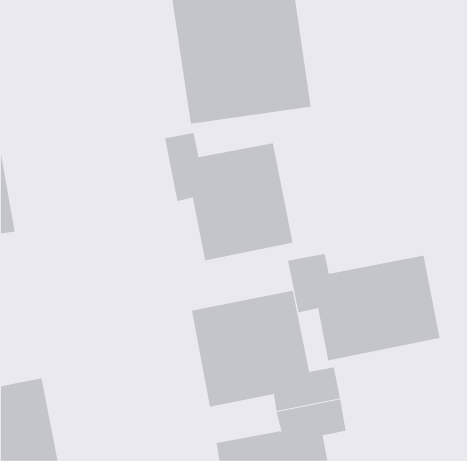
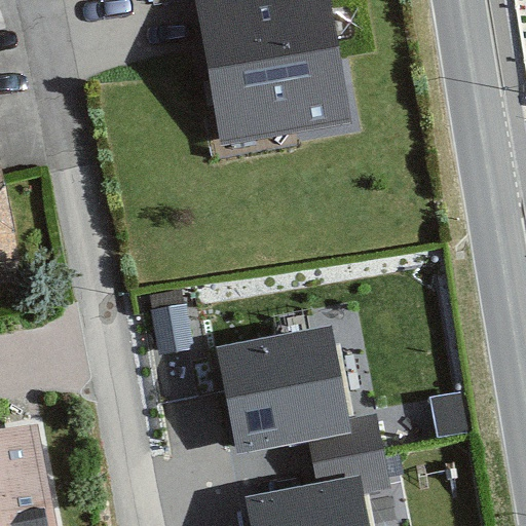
building: [164,132,293,261] -> none
building: [288,253,440,361] -> none

